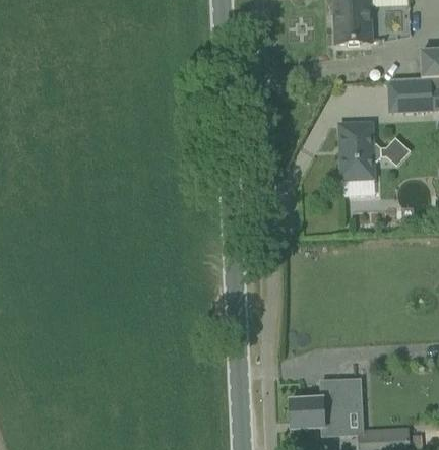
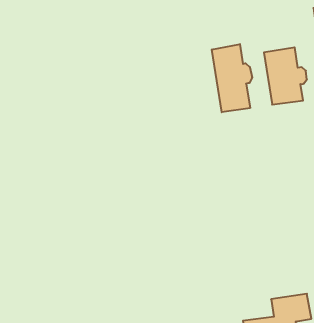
building: none -> [212,44,252,112]

